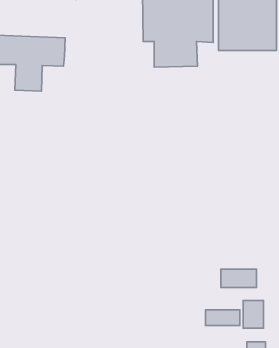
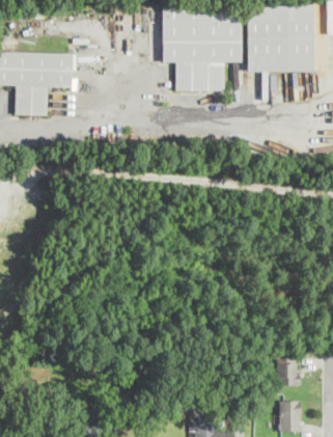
building: [221,269,257,287] -> none
building: [205,310,240,325] -> none

